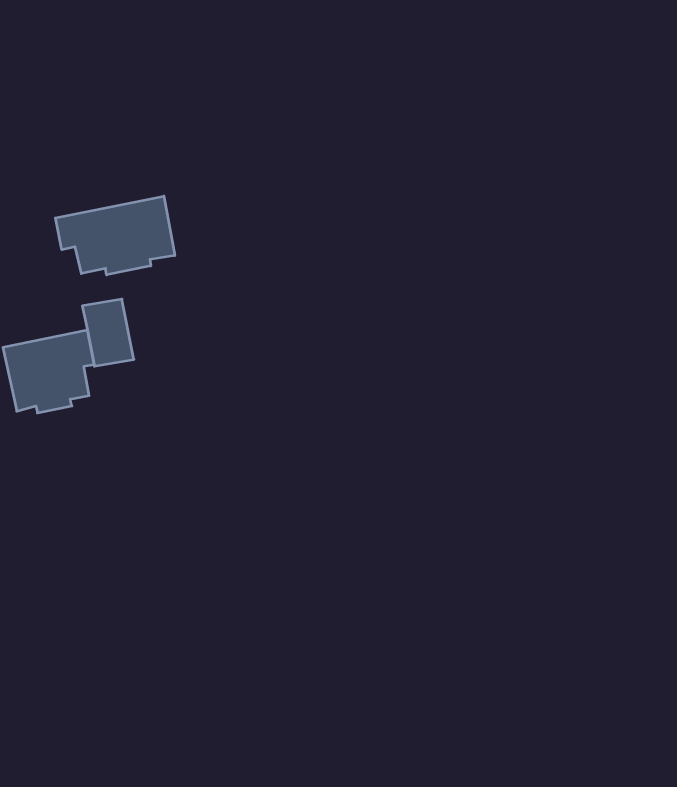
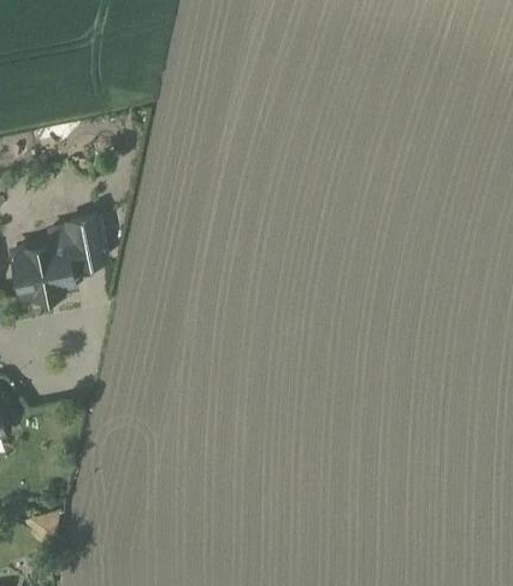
building: [55,196,175,275] -> none

